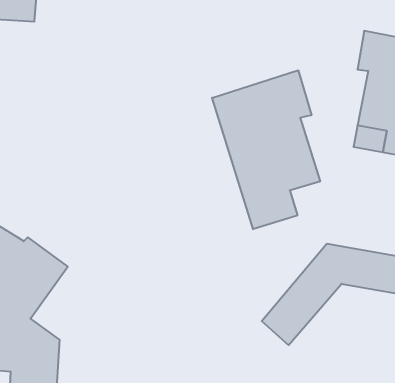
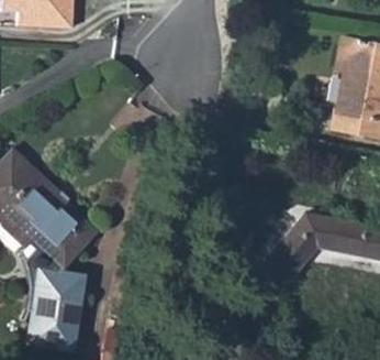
building: [212,70,320,229] -> none

